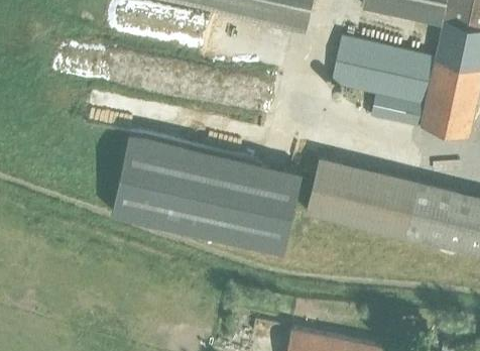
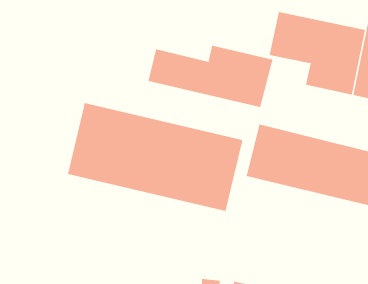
building: none -> [148,45,273,108]

